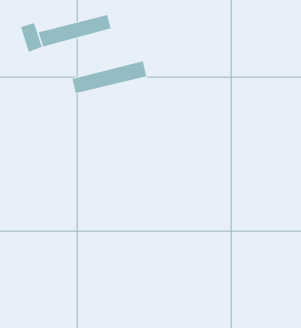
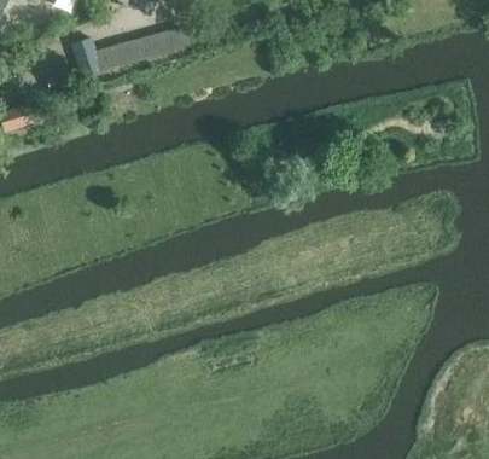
building: [72,60,147,94] -> none

